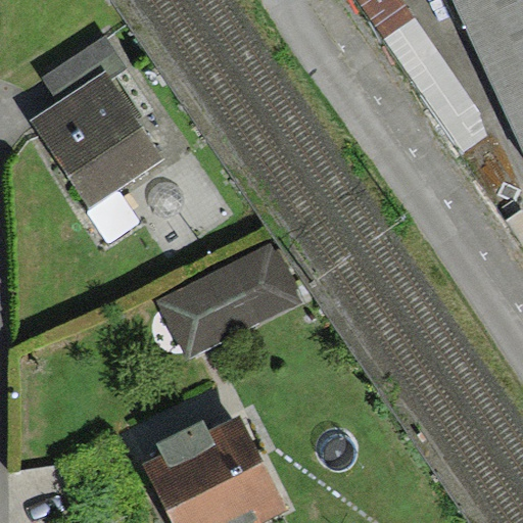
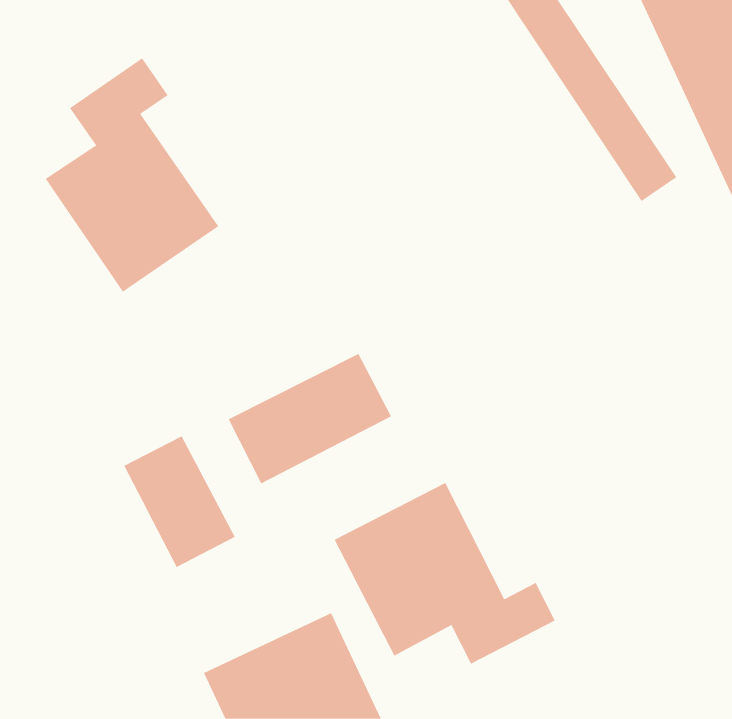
building: none -> [124,436,236,568]
building: none -> [334,482,556,665]

